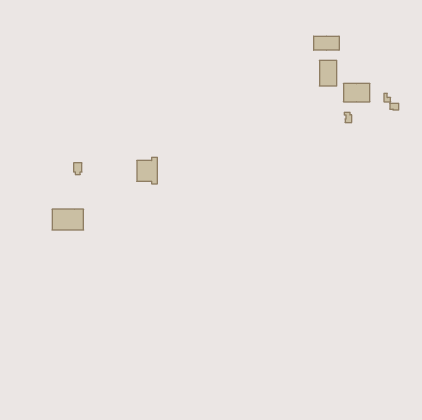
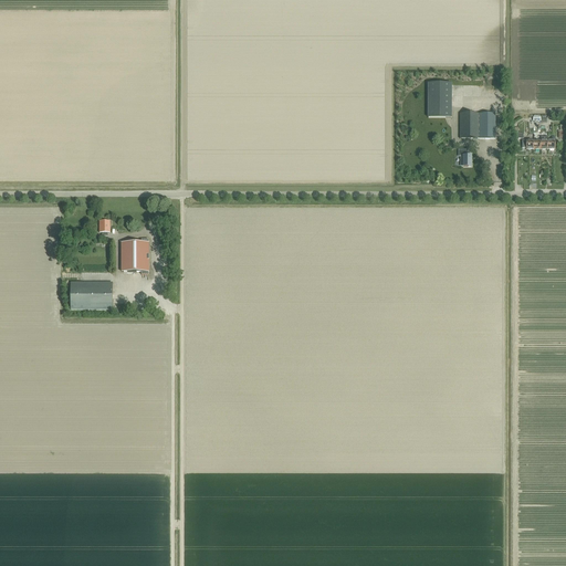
building: [314,36,339,50] -> none
building: [137,157,157,184] -> [120,237,148,272]

